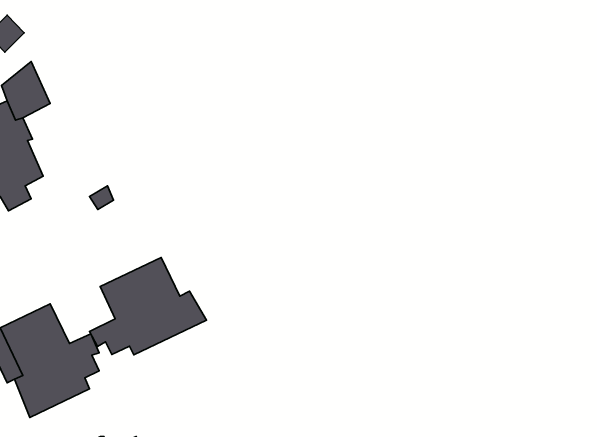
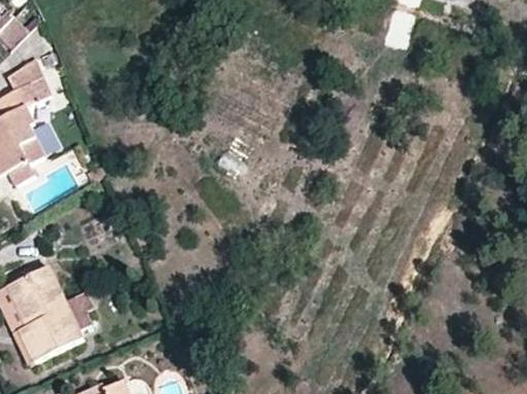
building: [90,258,207,355] -> none

